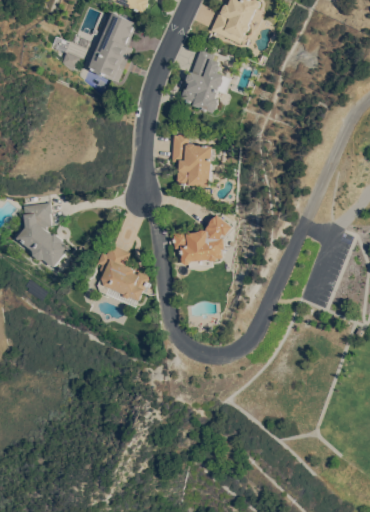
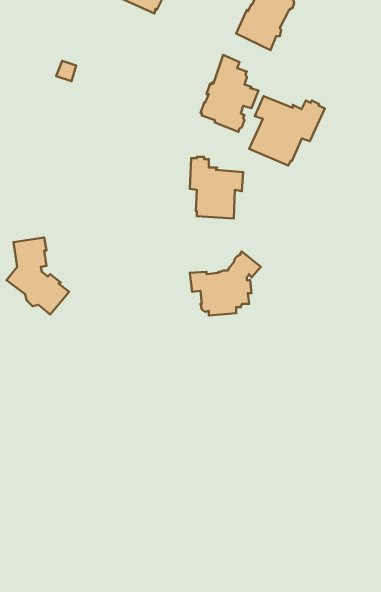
building: [79,11,137,82] -> none
building: none -> [249,96,325,166]
building: [96,244,150,301] -> none

